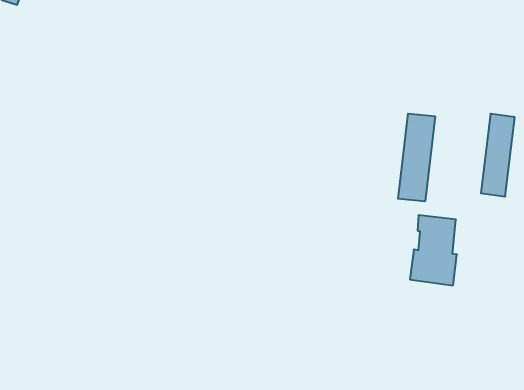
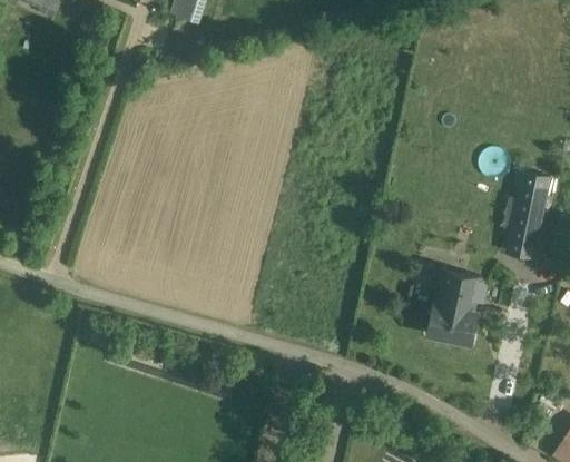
building: [398,114,435,201] -> none

